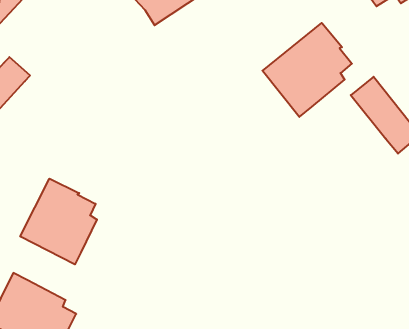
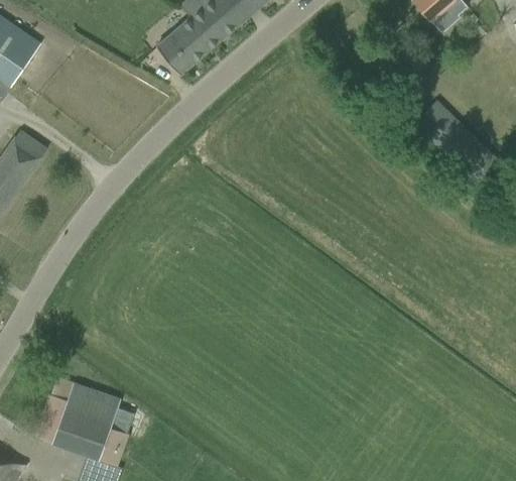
building: [262,23,352,117] -> none
building: [20,179,97,264] -> none

